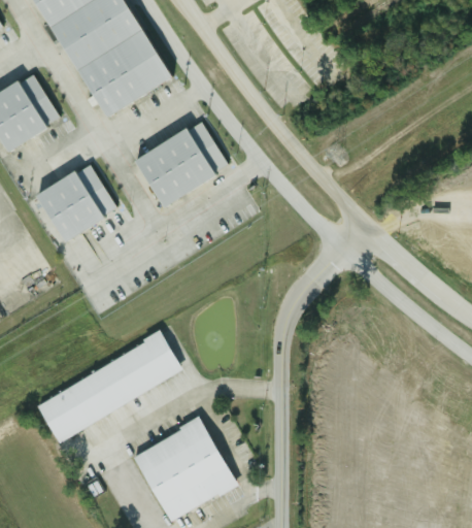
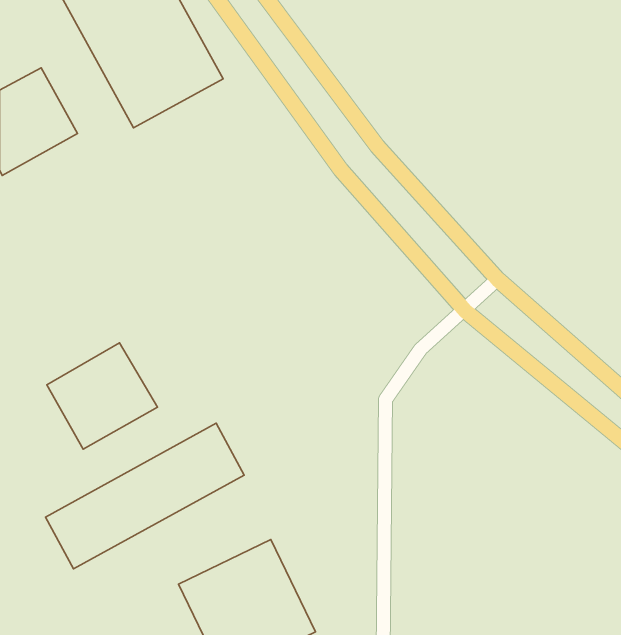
building: [134,121,229,206] -> none
building: [36,163,117,241] -> [47,343,157,449]

